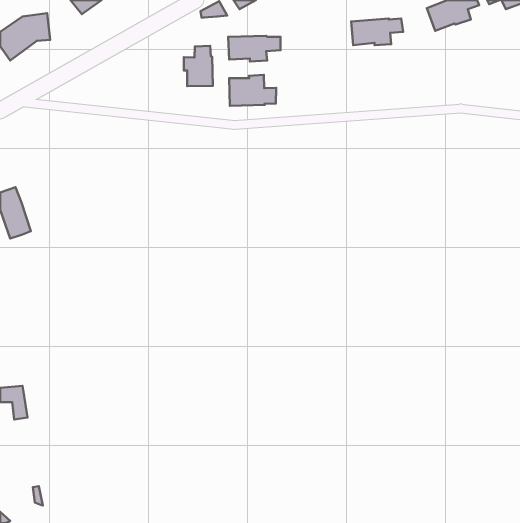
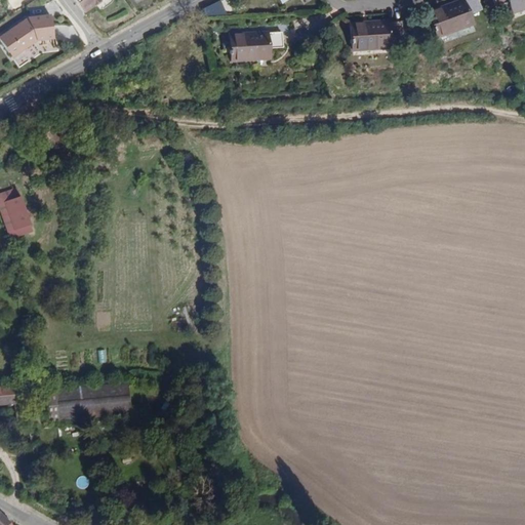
building: [184,46,213,86] -> none
building: [229,75,276,106] -> none
building: none -> [50,382,133,420]

